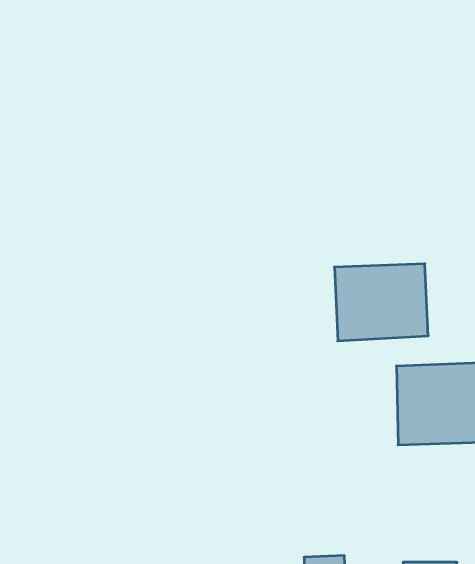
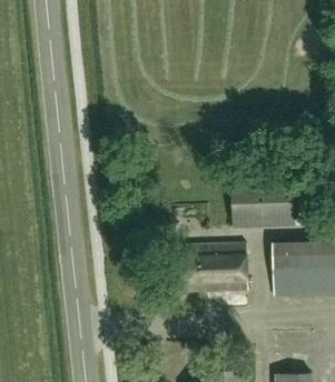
building: none -> [175,243,248,293]

